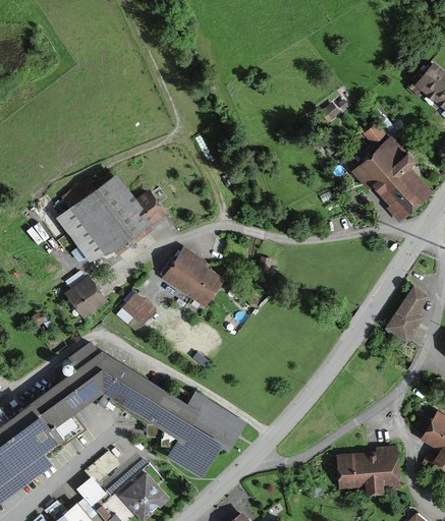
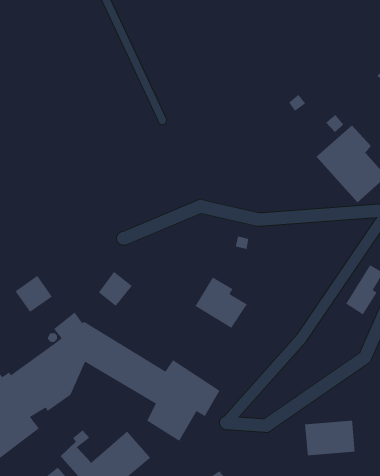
building: [64,167,159,257] -> none
building: [163,251,220,307] -> [194,277,248,329]
building: [64,280,105,321] -> [15,275,53,313]

